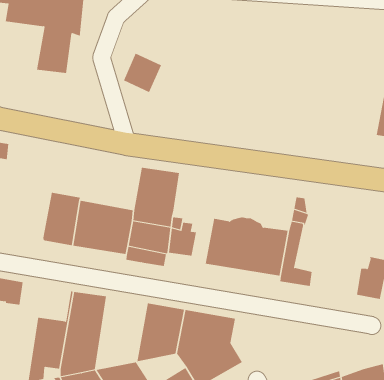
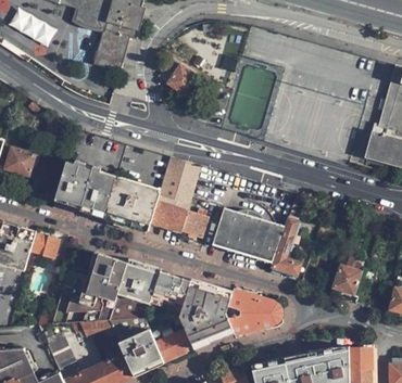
building: none -> [55,162,92,206]
building: none -> [110,259,161,321]
building: none -> [225,291,280,332]

